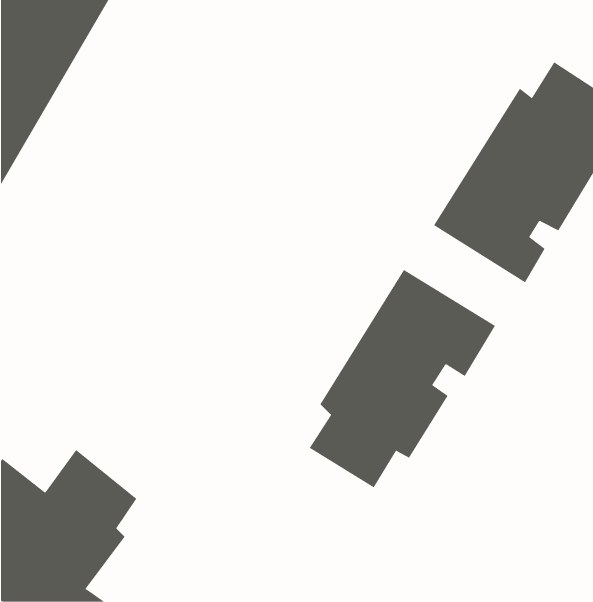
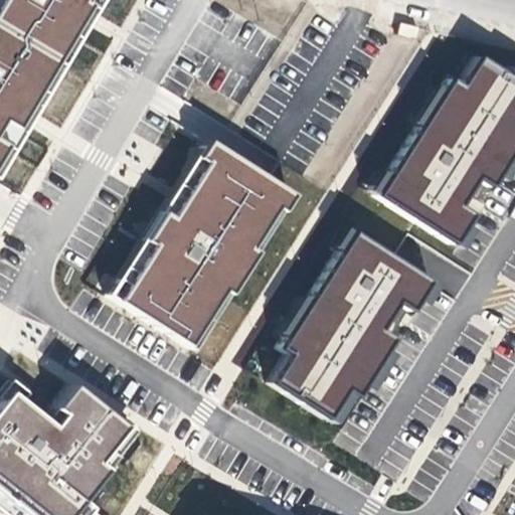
building: none -> [111,136,296,346]

